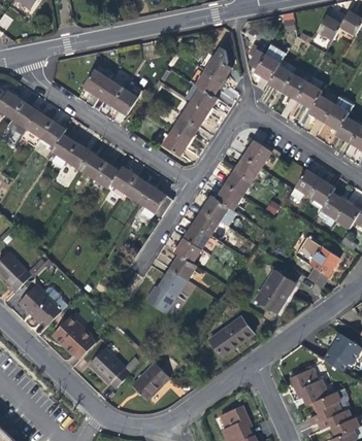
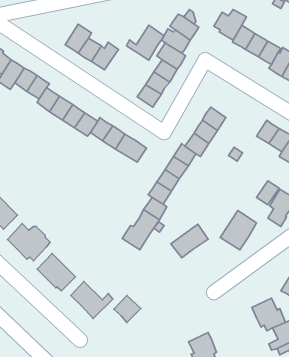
building: none -> [127,25,164,60]
building: [244,140,271,167] -> none
building: [210,318,252,355] -> [171,224,208,258]

